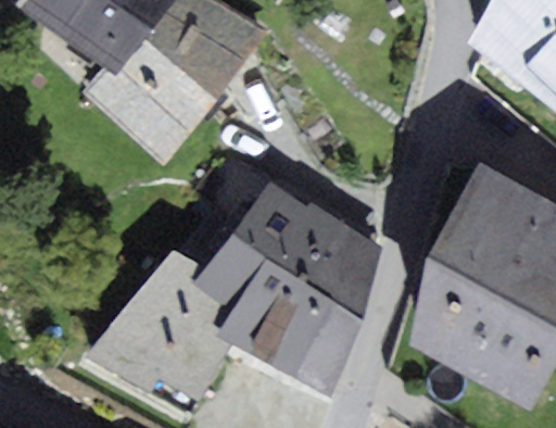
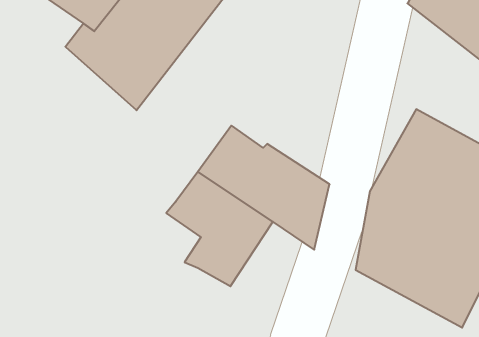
building: [86,248,237,413] -> none
building: [270,289,365,396] -> none

